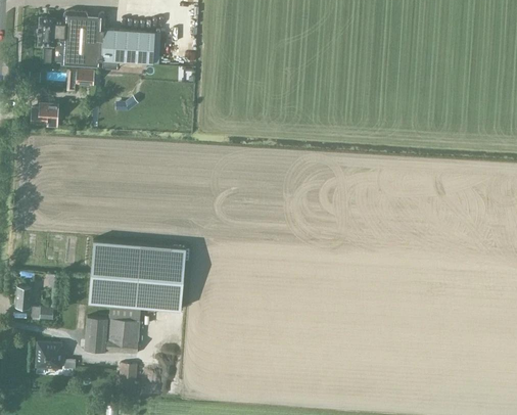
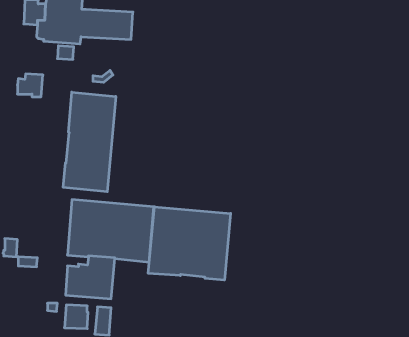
building: none -> [63,92,116,192]
building: none -> [148,207,231,280]
building: [37,341,63,368] -> [64,305,88,329]

